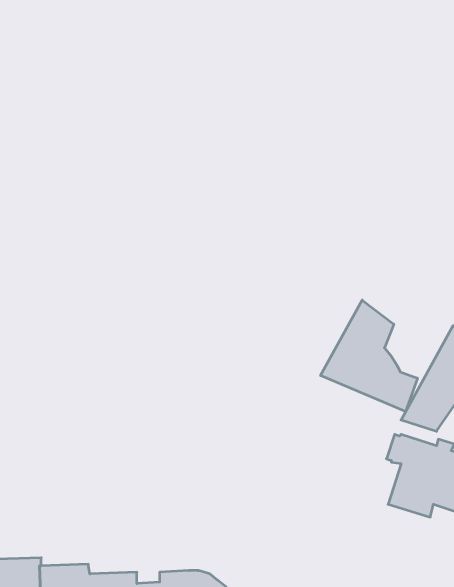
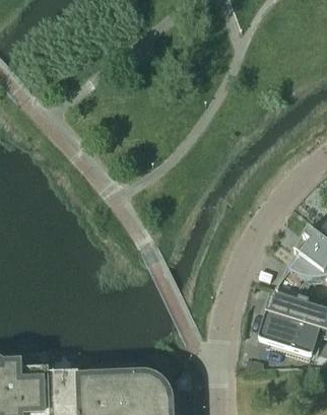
building: [321,300,417,412] -> none

